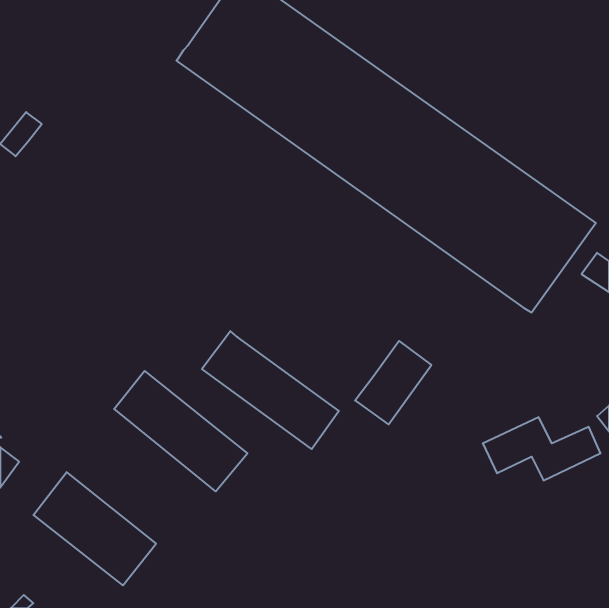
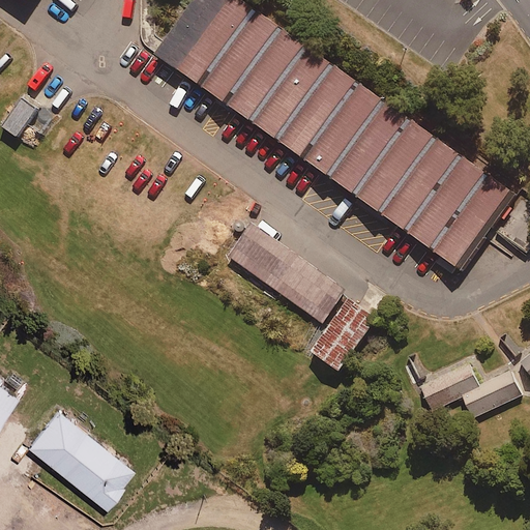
building: [202,331,339,449] -> [226,222,345,324]
building: [114,371,247,491] -> none

